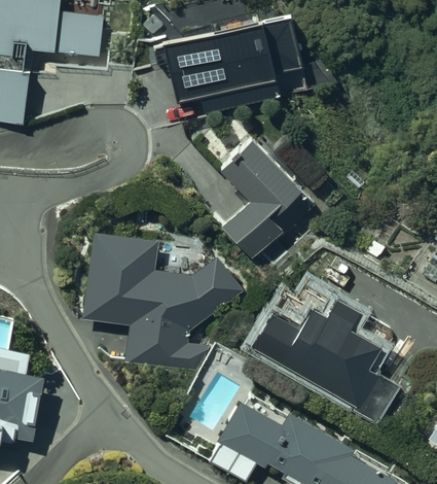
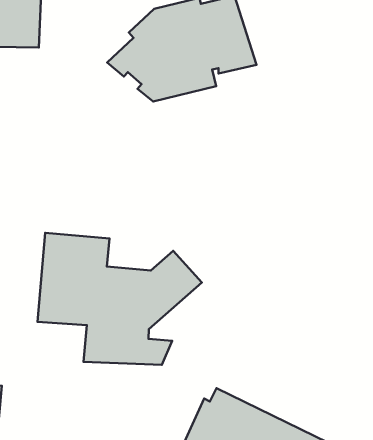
building: [219,136,312,254] -> none
building: [250,291,397,421] -> none

